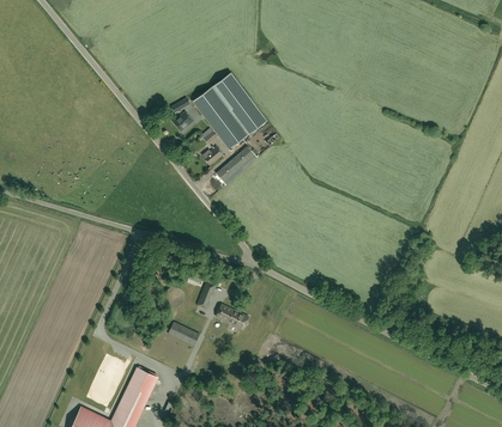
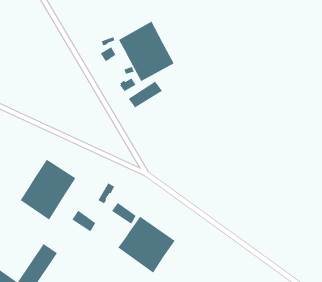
building: none -> [20,159,76,221]
building: none -> [118,216,175,274]

